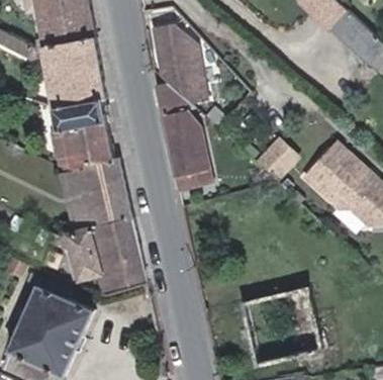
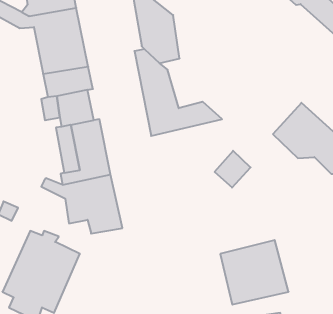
building: [253,136,292,177] -> [215,151,251,188]

